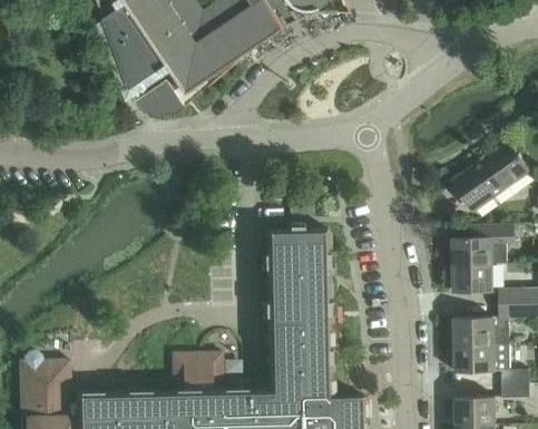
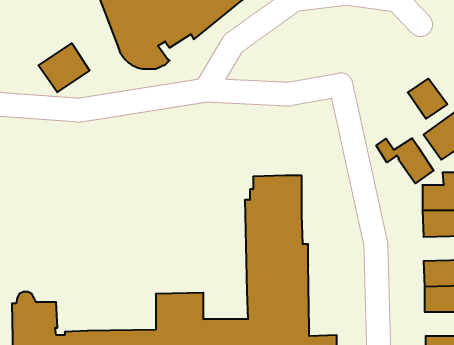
building: none -> [38,43,90,92]
building: none -> [408,79,447,119]
building: none -> [376,138,434,183]

